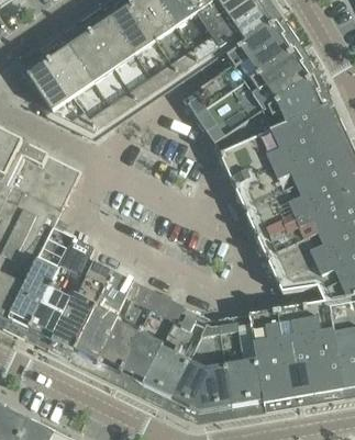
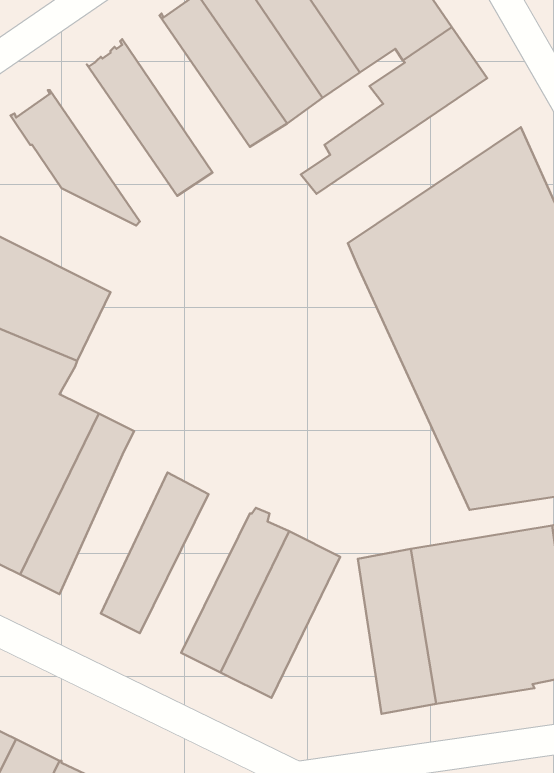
building: [88,14,159,102] -> none
building: [47,42,119,129] -> none
building: [197,49,311,142] -> none
building: [53,258,113,349] -> none
building: [98,282,159,371] -> none
building: [171,317,233,410] -> none

